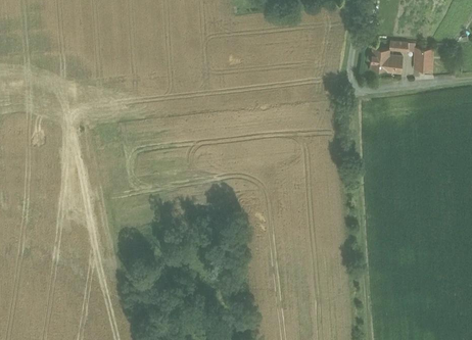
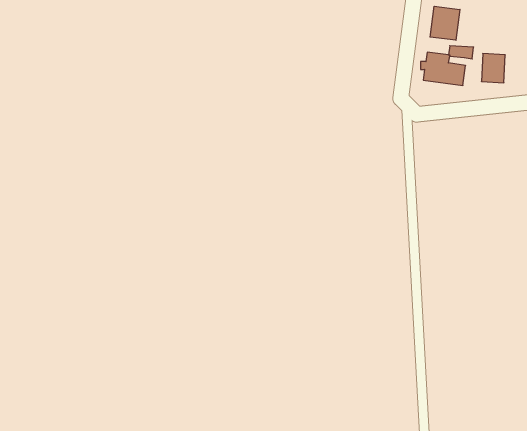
building: none -> [430,6,460,40]

